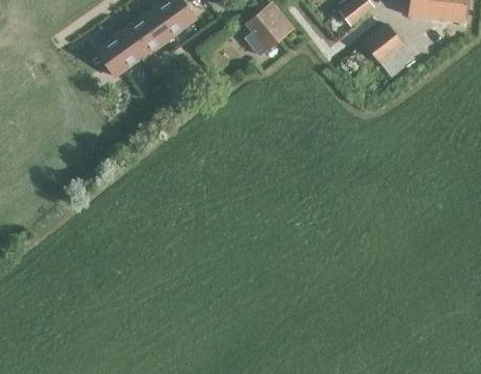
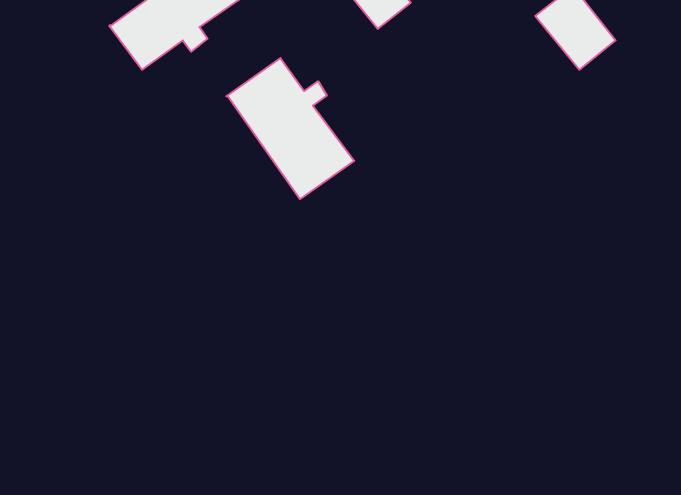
building: none -> [226,58,354,199]

